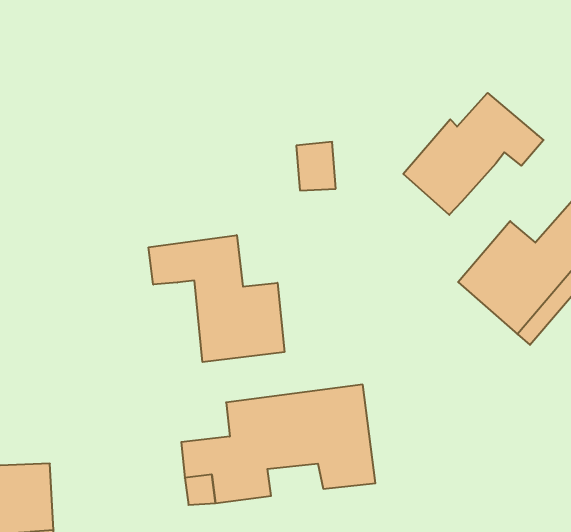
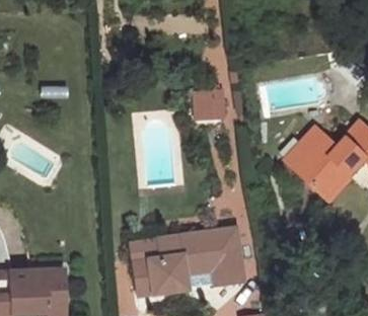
building: [403,93,544,215] -> none
building: [149,235,284,362] -> none

